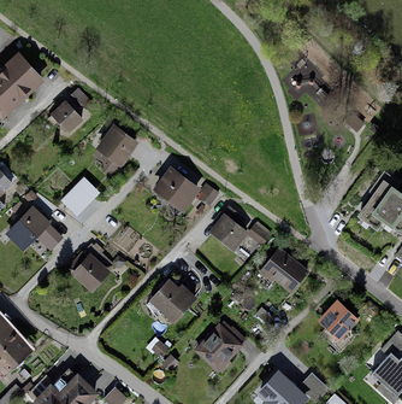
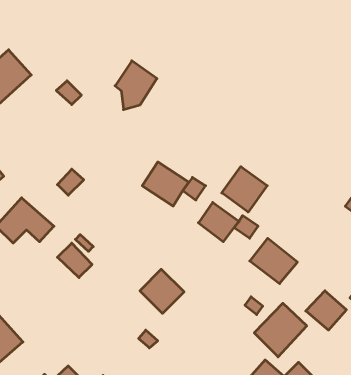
building: [51,99,83,133] -> none
building: [96,123,138,172] -> [115,61,157,110]
building: none -> [222,167,267,212]
building: [193,320,246,374] -> [254,303,307,357]

